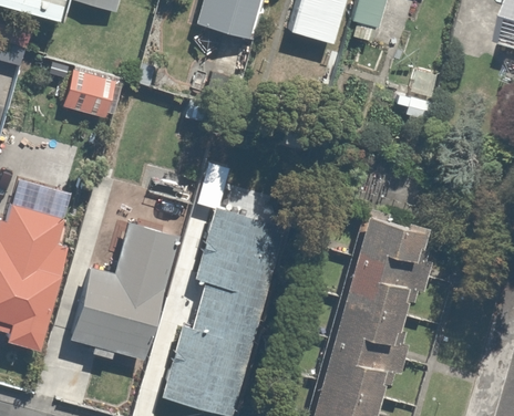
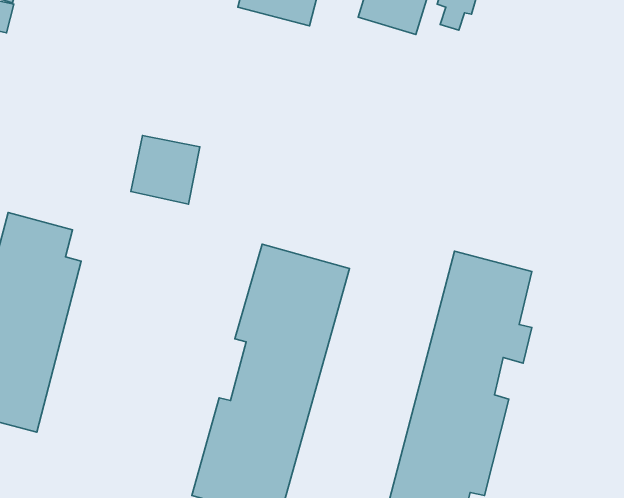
building: [64,69,117,122] -> [131,135,200,204]
building: [68,219,182,362] -> none

